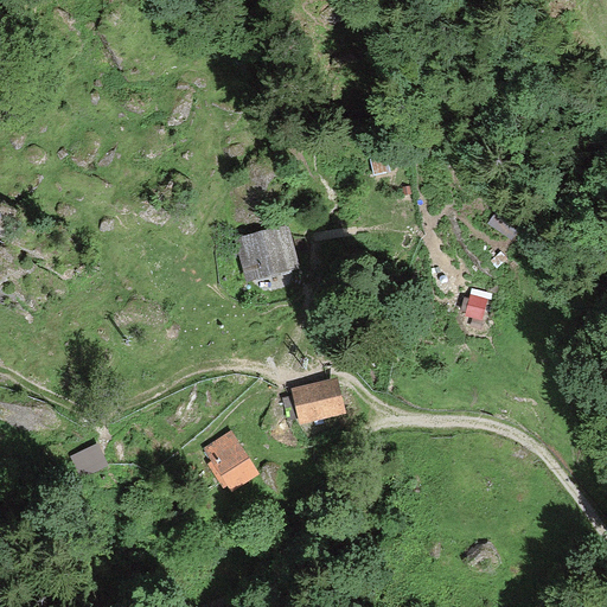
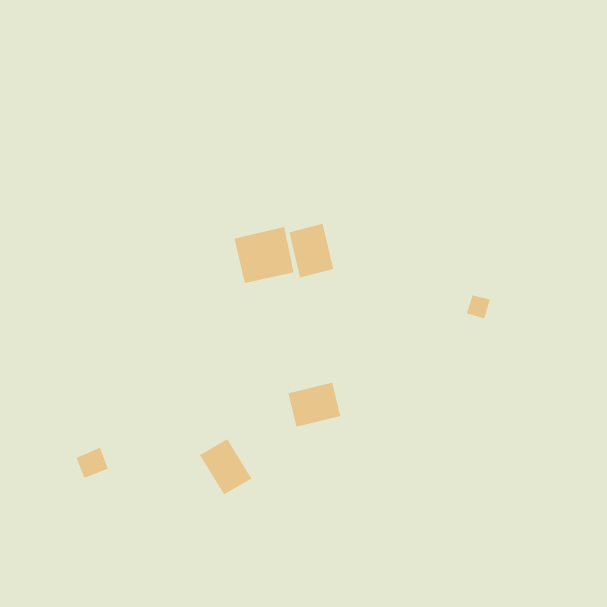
building: none -> [288,223,334,279]

